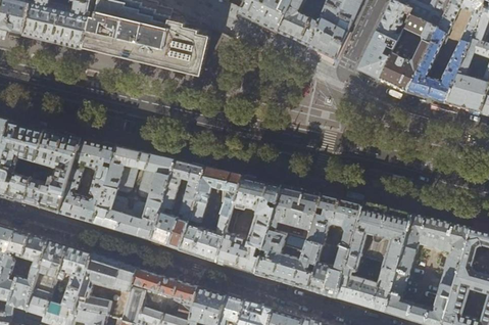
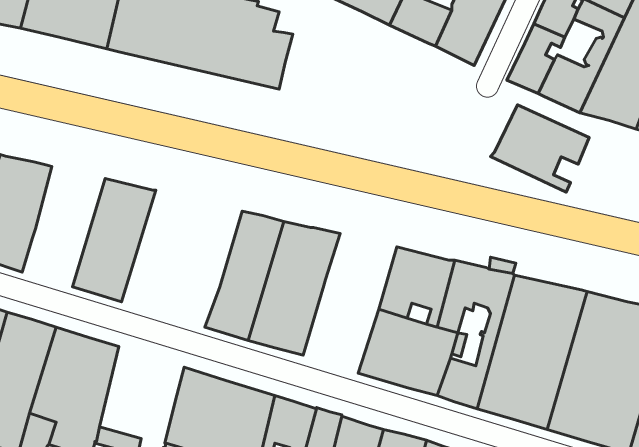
building: none -> [491,105,589,192]
building: [23,130,81,213] -> none
building: [92,146,175,240] -> none
building: [216,176,281,272] -> none
building: [77,253,135,317] -> none

